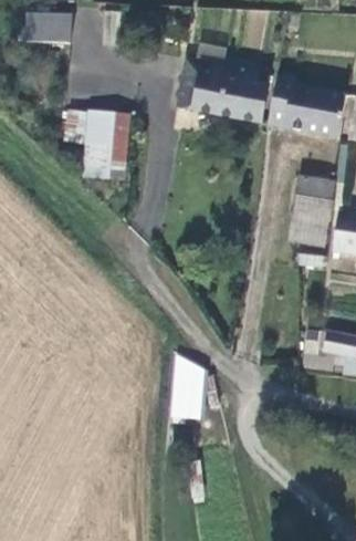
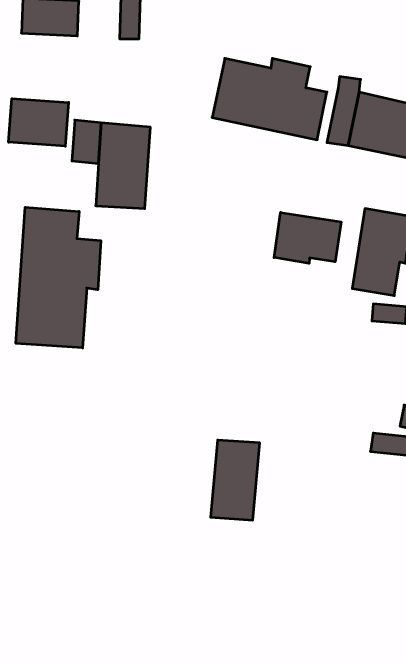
building: none -> [9,99,69,146]
building: none -> [16,207,101,348]
building: none -> [274,212,341,263]

